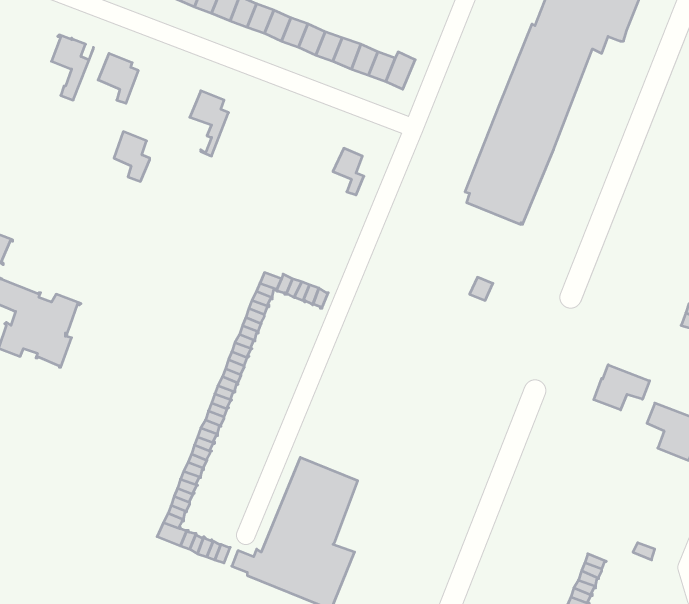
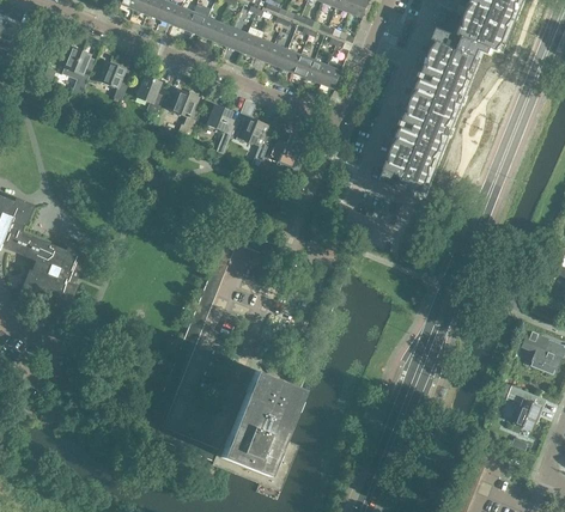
building: none -> [203,100,236,153]
building: none -> [242,117,271,158]
building: [114,132,150,181] -> [135,74,163,112]
building: [594,365,650,410] -> none
building: none -> [508,384,547,428]

